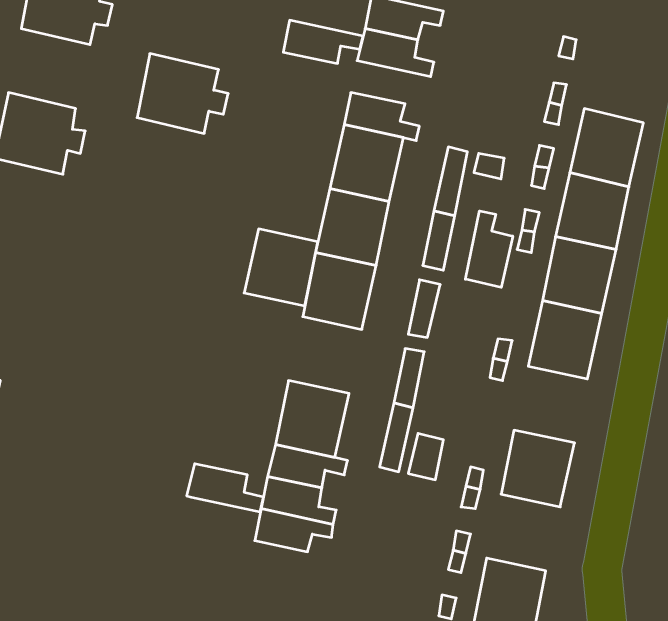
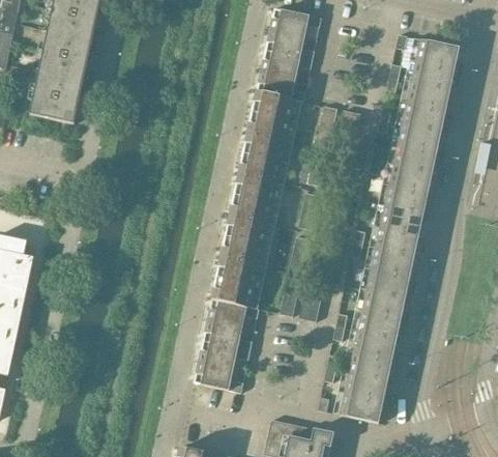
building: [283,20,363,63] -> [260,51,312,79]
building: none -> [411,39,459,91]
building: [137,54,228,133] -> [38,30,97,82]
building: [465,211,513,287] -> none
building: [244,229,318,306] -> [219,217,267,266]
building: none -> [365,249,413,298]
building: [187,464,263,512] -> [193,362,242,393]
building: none -> [348,332,396,381]

